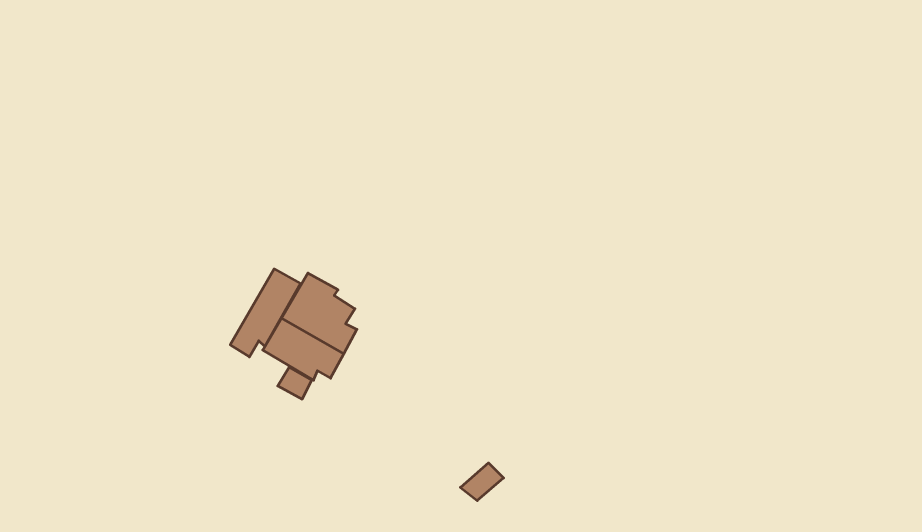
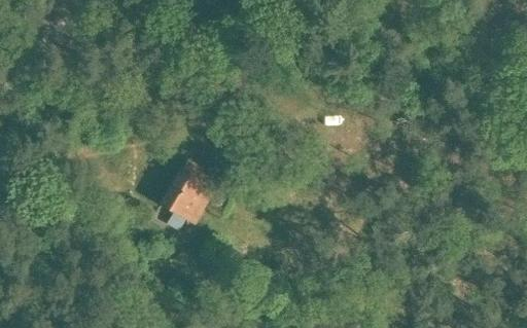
building: [230,269,300,357] -> none

